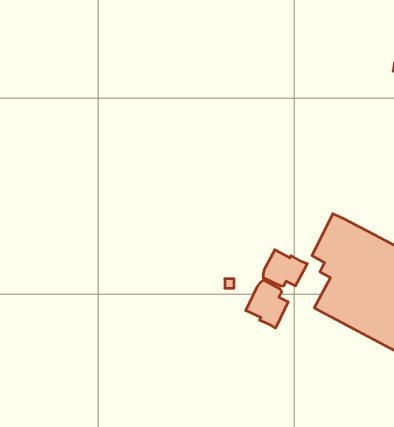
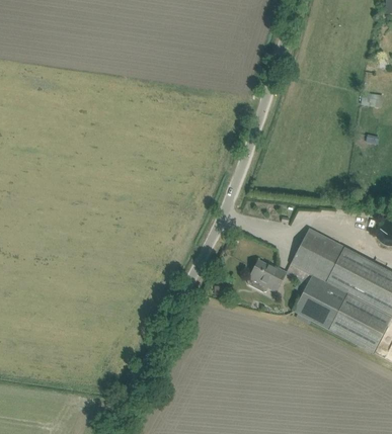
building: [246,280,288,328] -> none

